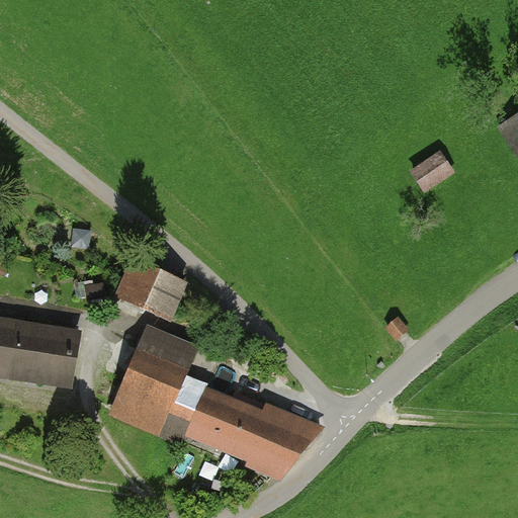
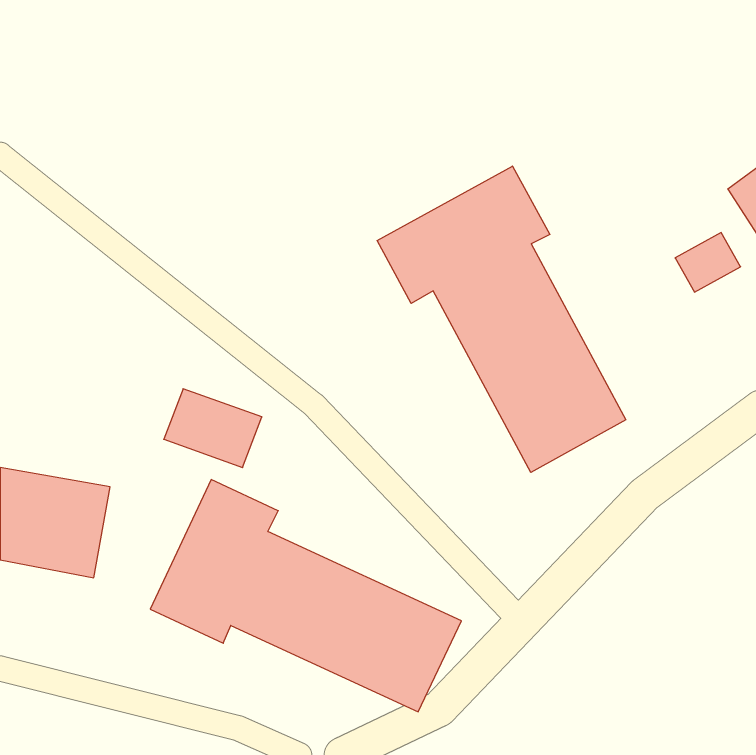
building: none -> [377,166,626,472]
building: [409,151,453,191] -> [675,233,741,292]

